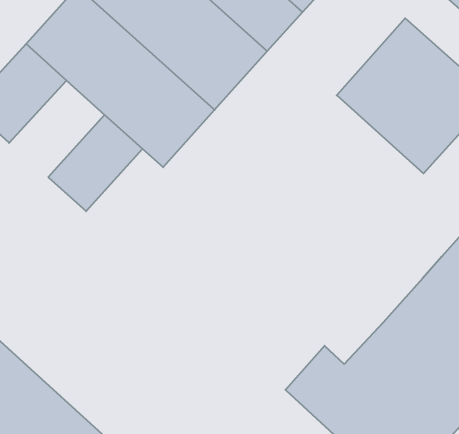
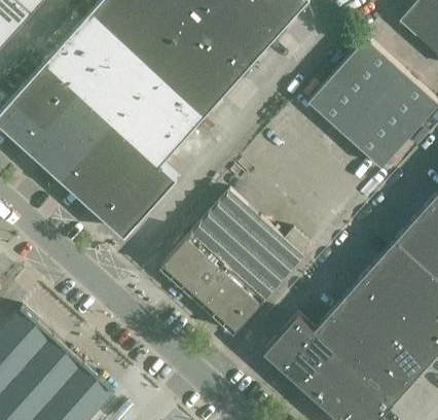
building: none -> [32,92,112,173]
building: none -> [97,149,177,233]
building: none -> [159,191,311,336]

